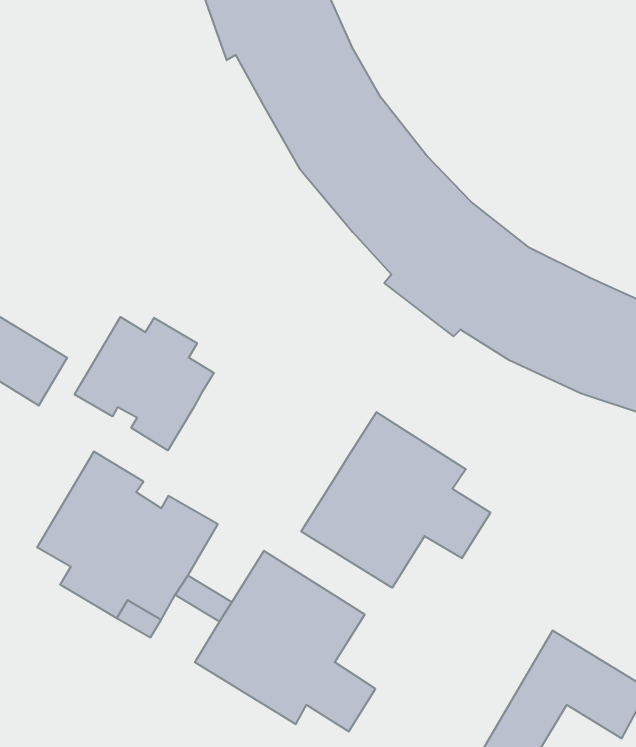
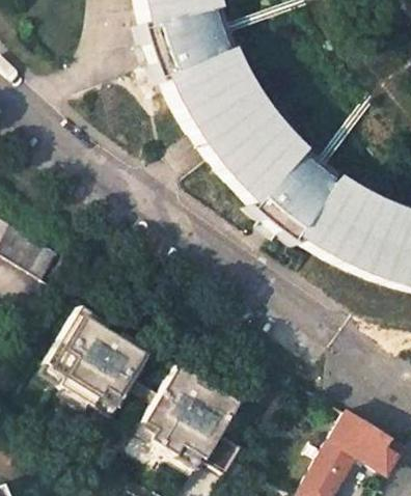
building: [75,317,214,450] -> none
building: [301,412,490,588] -> none

